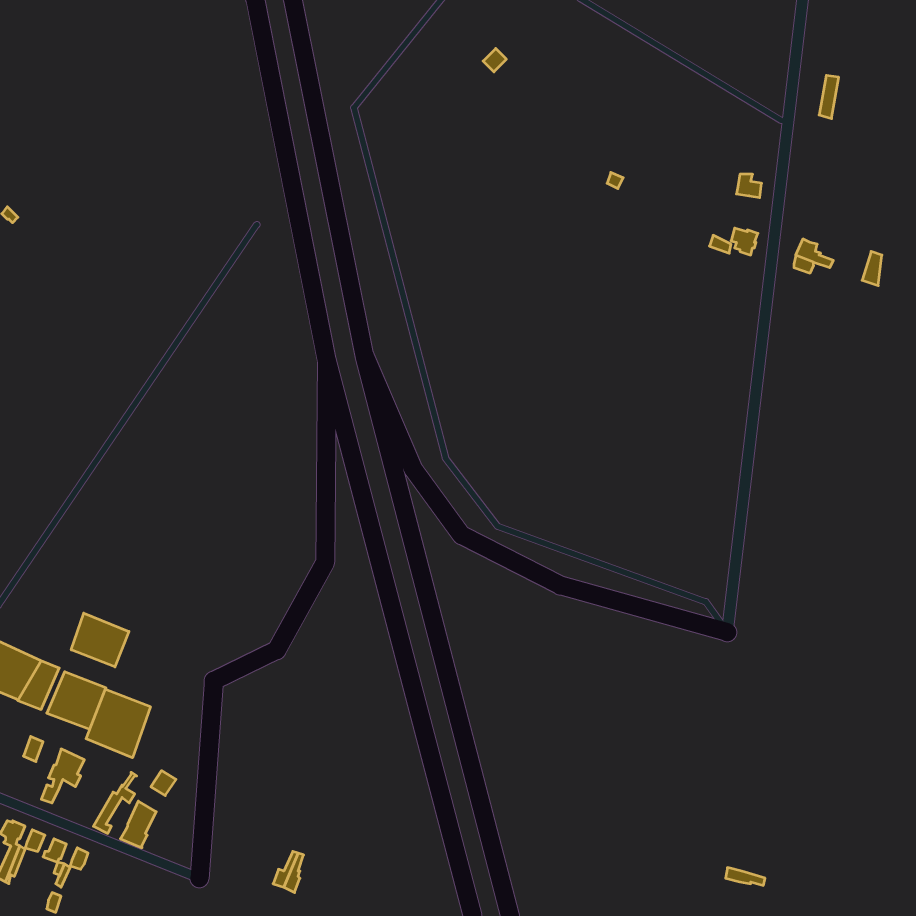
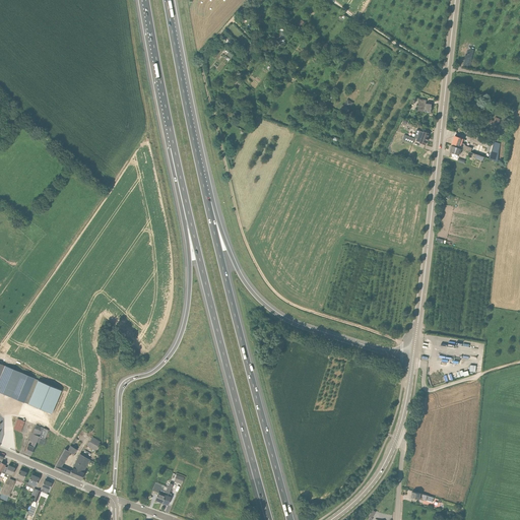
building: [71,613,129,667] -> none
building: [86,689,150,758] -> none

